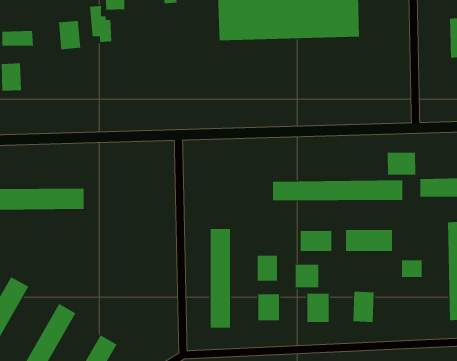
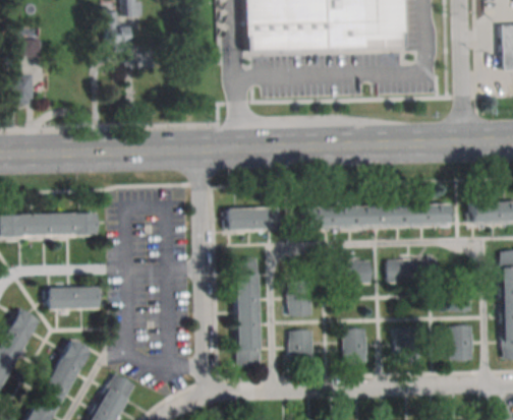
building: [58,20,81,50] -> none
building: [387,152,416,176] -> none
building: none -> [227,207,274,231]
building: none -> [48,287,99,309]
building: [295,264,319,288] -> none
building: none -> [450,324,473,360]

